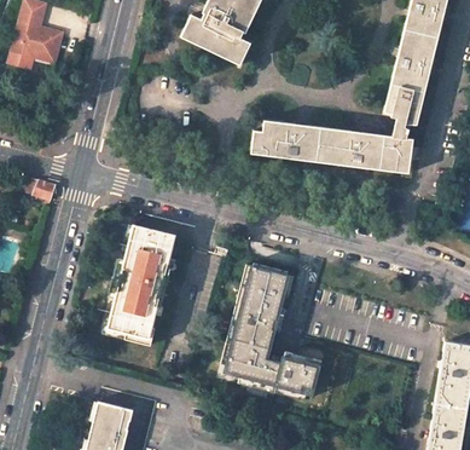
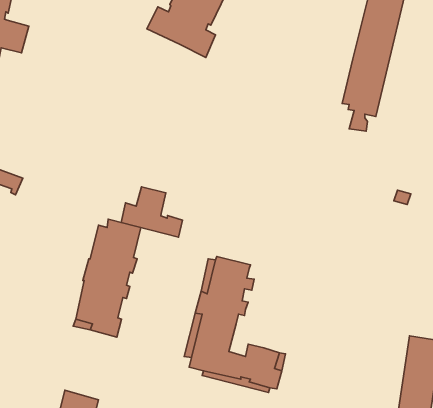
building: [250,120,408,173] -> none
building: none -> [121,187,183,237]

